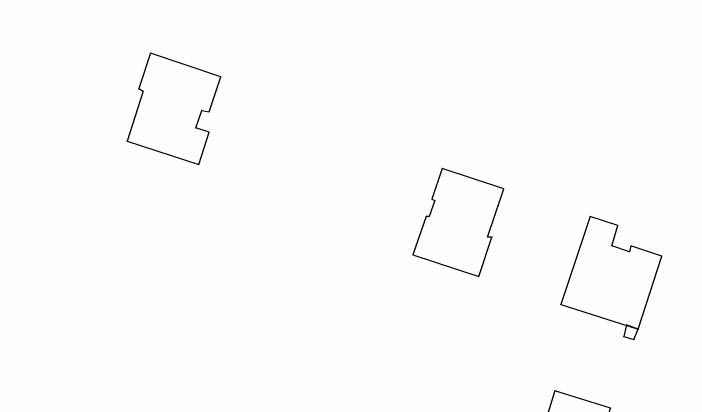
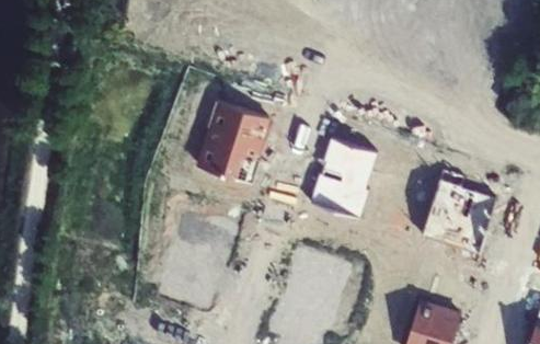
building: [127,53,221,164] -> [200,100,271,183]

